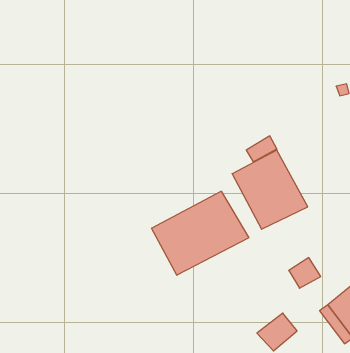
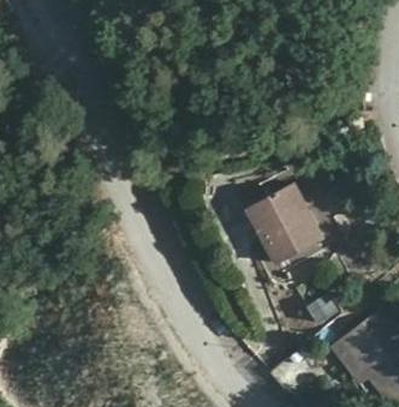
building: [152,191,249,275] -> none

